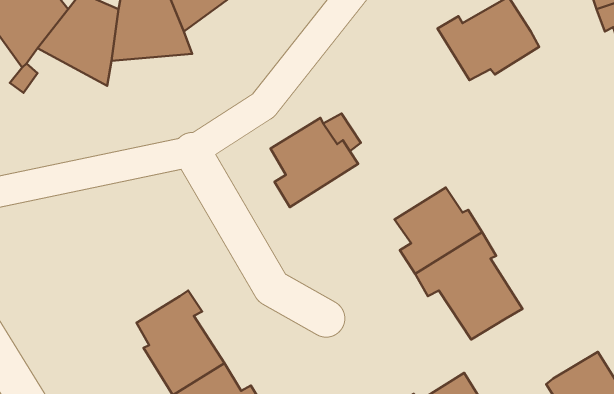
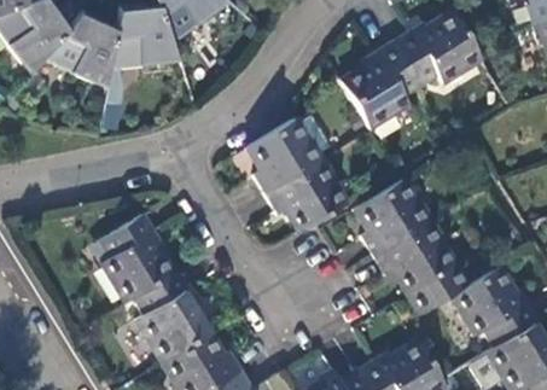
building: none -> [342,41,421,126]
building: none -> [266,158,345,229]
building: none -> [99,213,170,301]
building: none -> [453,266,539,344]

